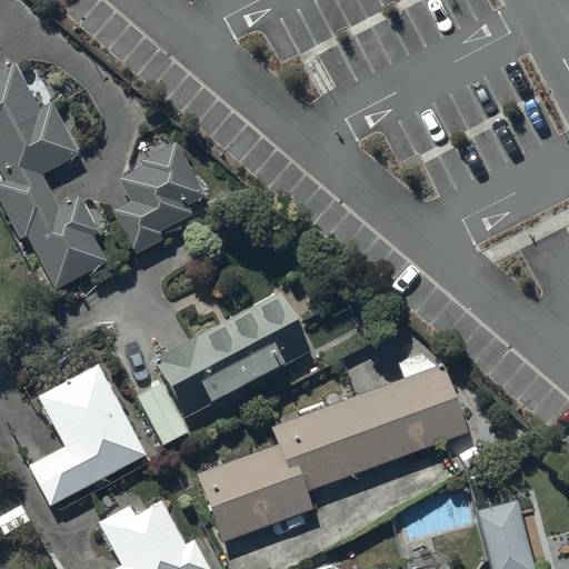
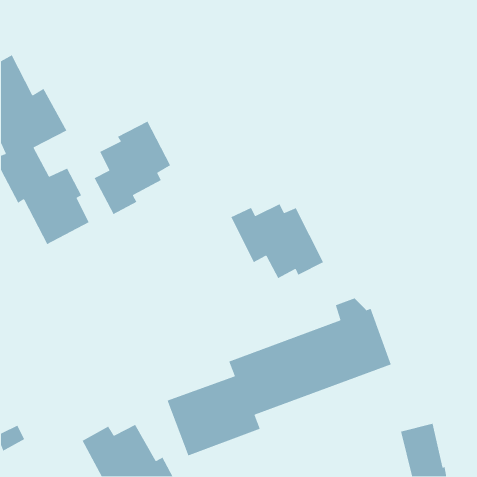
building: none -> [230,203,324,279]
building: [134,290,312,442] -> none
building: [26,361,147,506] -> none

